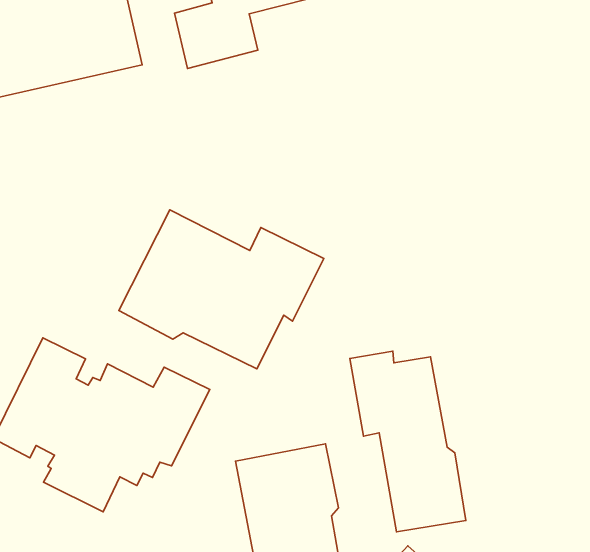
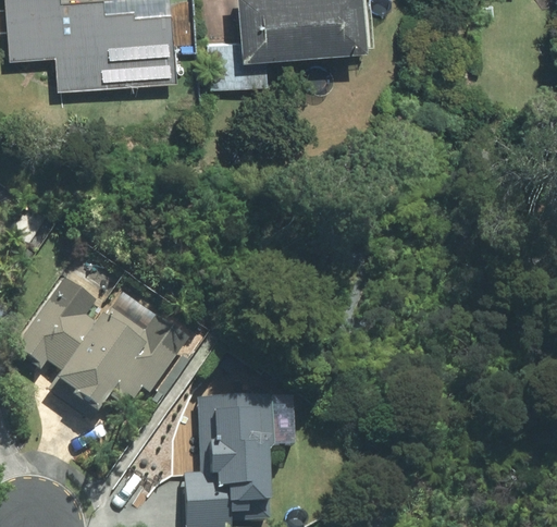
building: [119,210,324,369] -> none
building: [350,351,466,532] -> none

